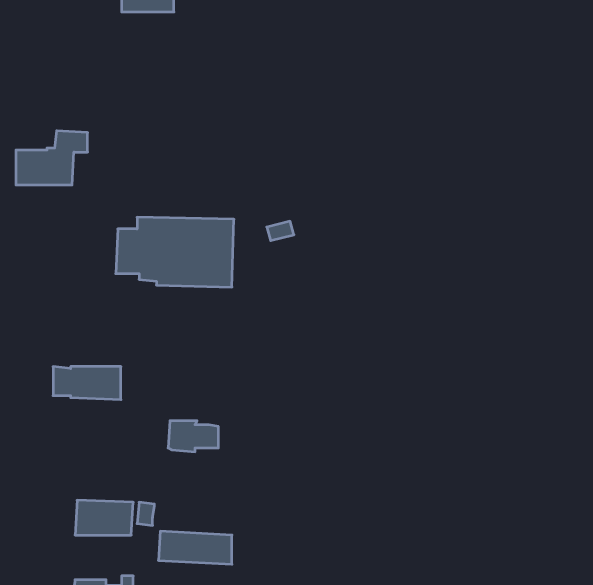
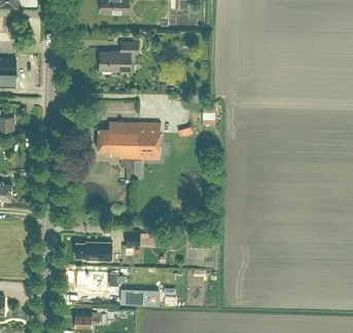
building: [16,131,88,185] -> [99,42,137,71]
building: [53,367,121,400] -> [75,243,111,260]

